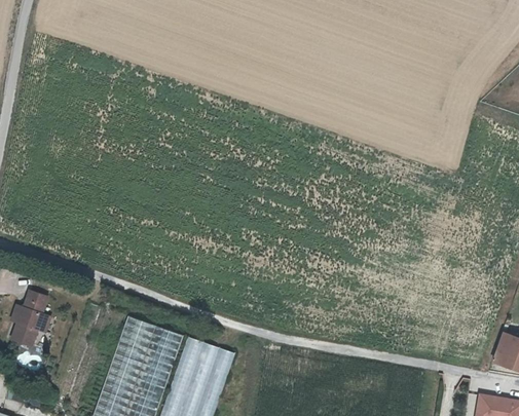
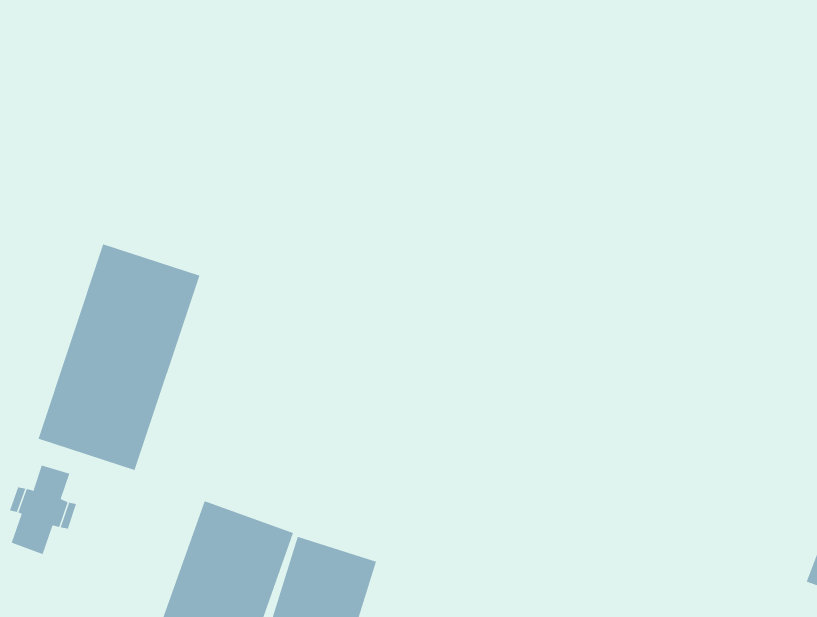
building: none -> [38,244,200,471]

